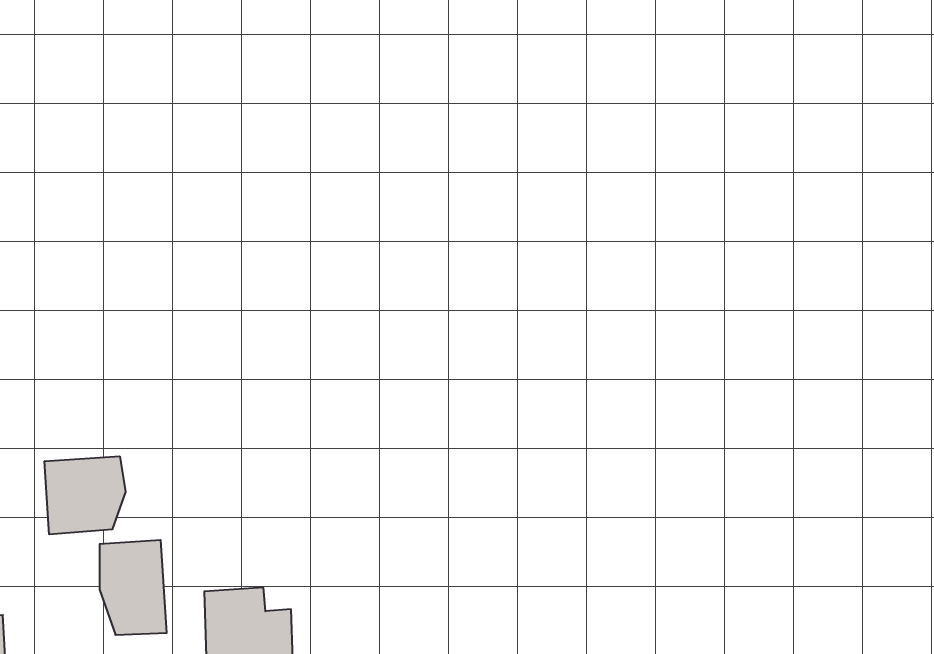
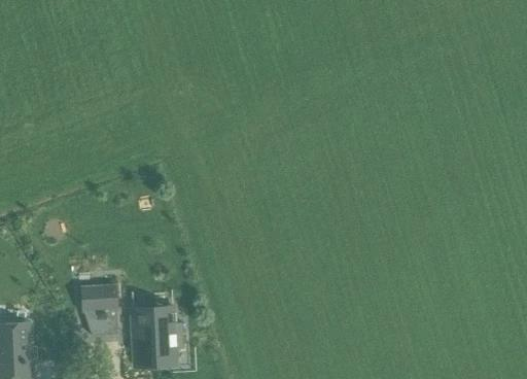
building: [45,456,126,534] -> none

